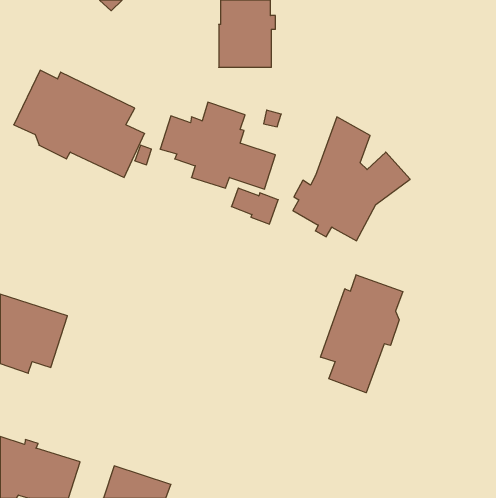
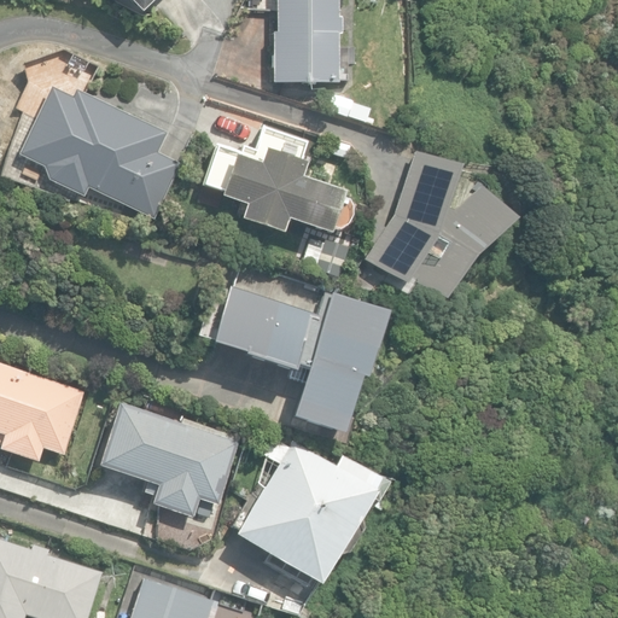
building: none -> [215,285,386,416]
building: [321,275,403,393] -> none
building: none -> [99,403,241,517]
building: none -> [237,438,386,584]

